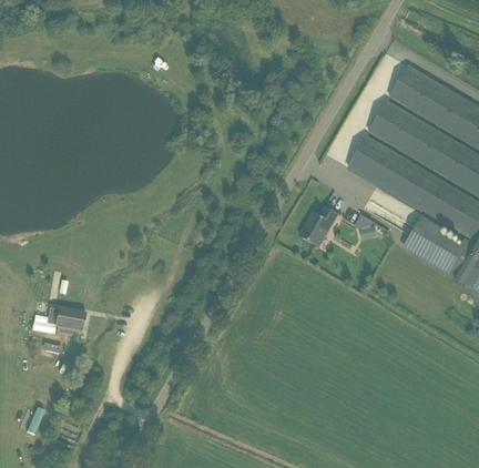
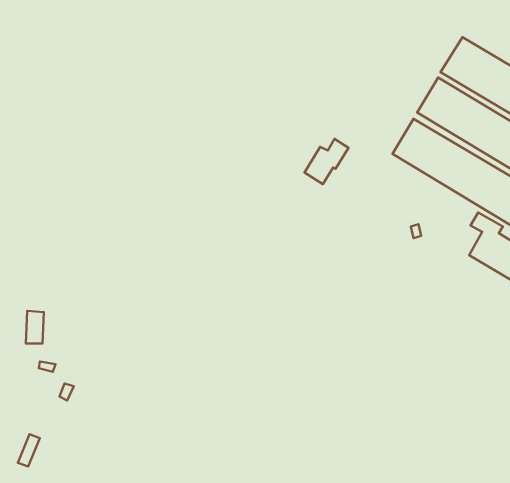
building: [299,205,337,244] -> [305,139,349,184]
building: [54,307,84,335] -> none

